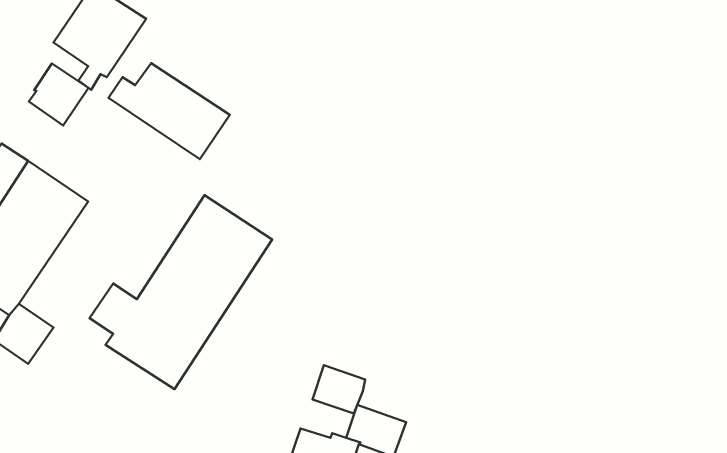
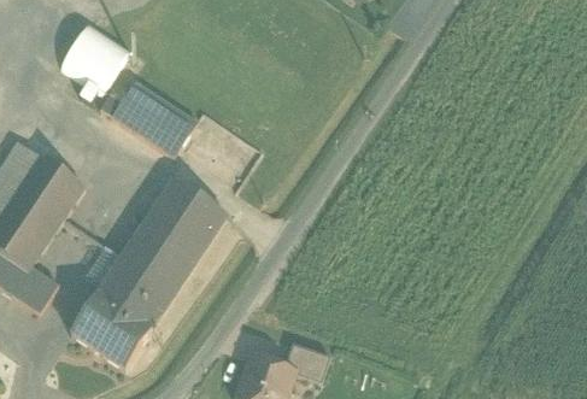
building: [29,63,89,125] -> none
building: none -> [72,294,151,366]
building: [313,365,365,413] -> none

